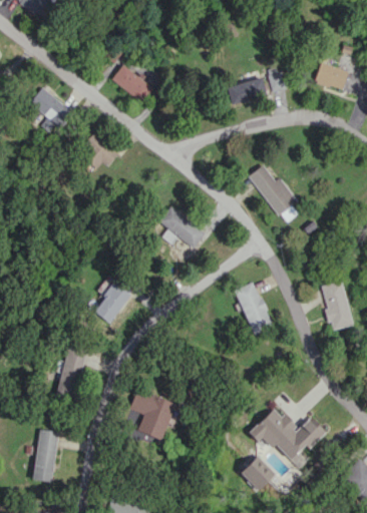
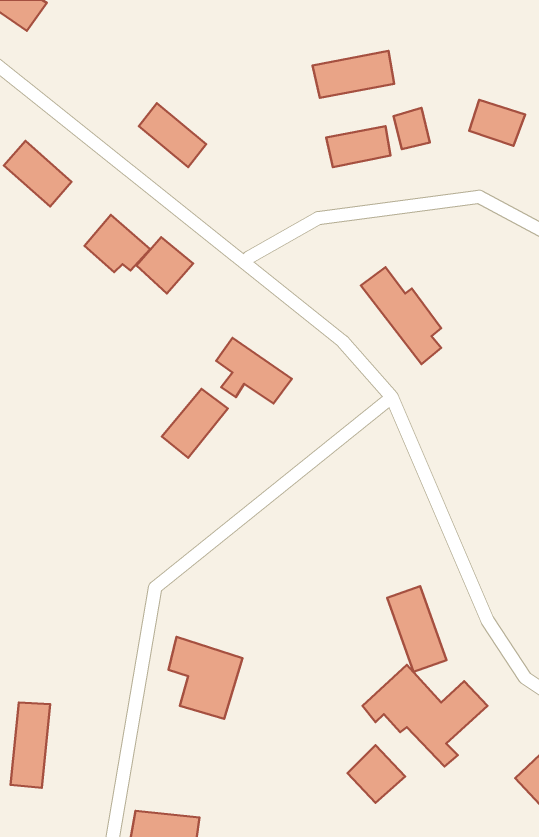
building: none -> [312,51,394,98]
building: none -> [136,237,193,293]
building: [93,281,133,323] -> [162,389,228,458]
building: [320,281,352,330] -> none
building: [236,282,272,334] -> [387,586,446,672]
building: [56,346,87,399] -> none

